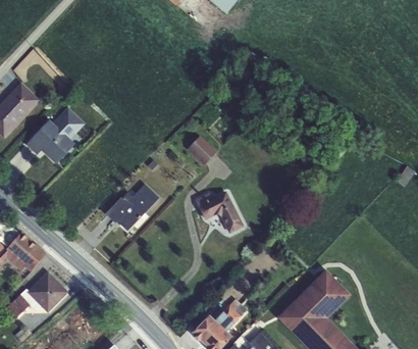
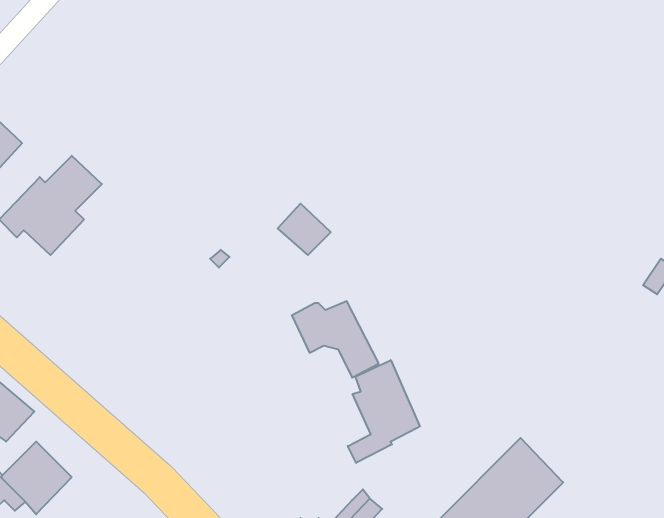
building: [104,185,158,232] -> none
building: none -> [348,360,420,463]

